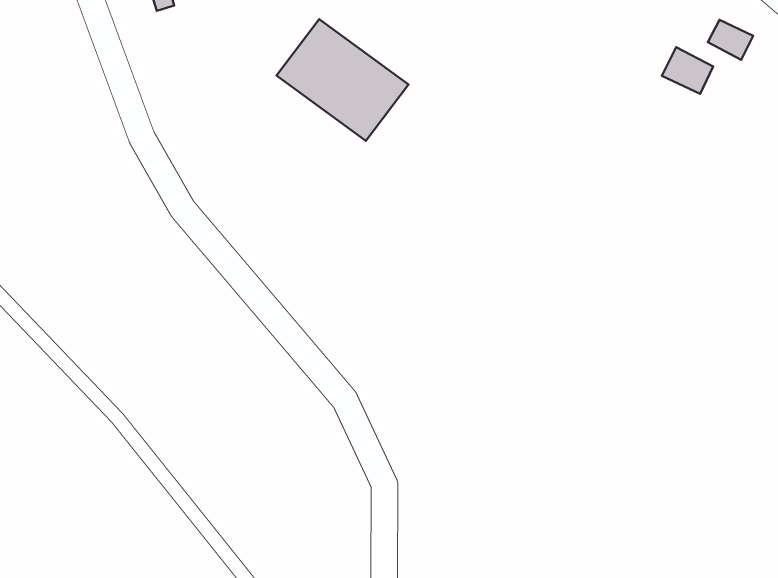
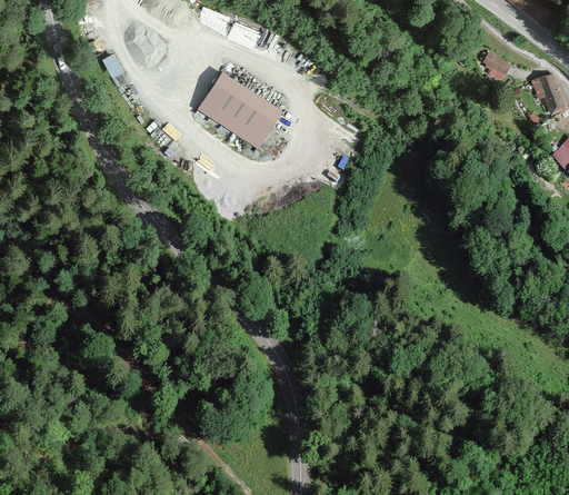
building: [662,47,713,94] -> none

